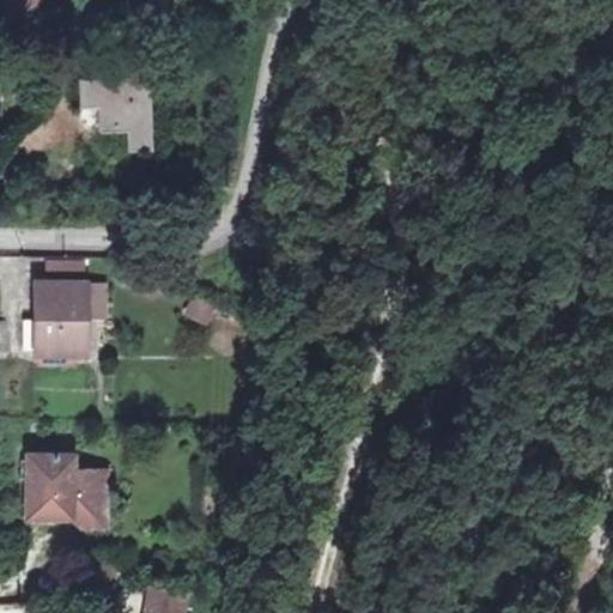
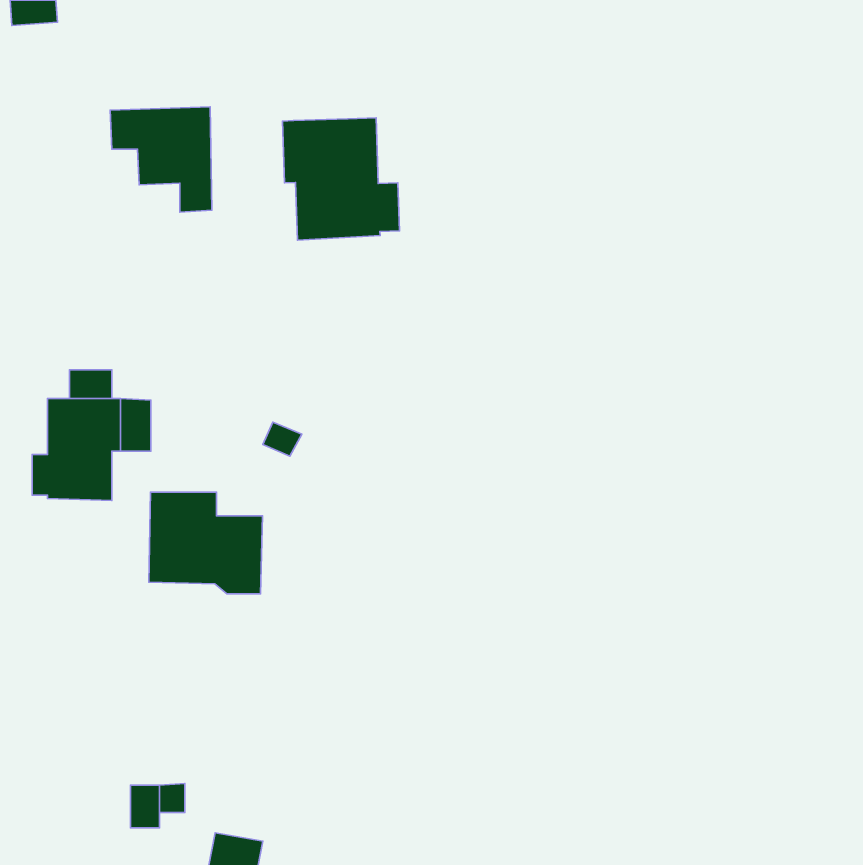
building: none -> [283,118,399,240]
building: [25,455,105,527] -> [149,492,262,594]

